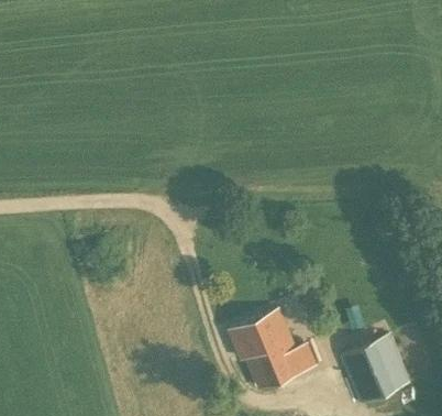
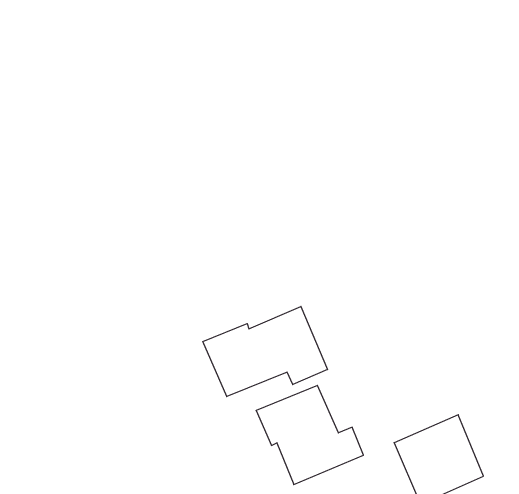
building: none -> [203,306,327,397]

